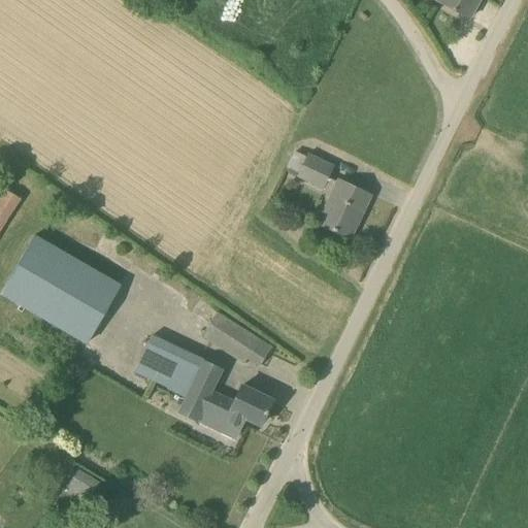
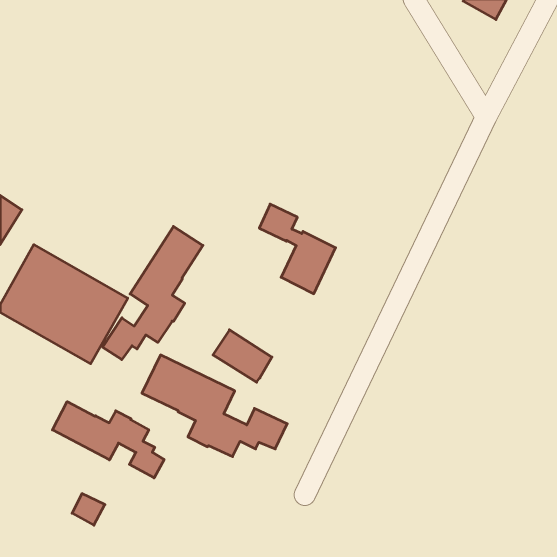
building: [298,154,370,238] -> [259,204,336,294]
building: none -> [103,226,203,360]
building: none -> [52,402,164,478]

